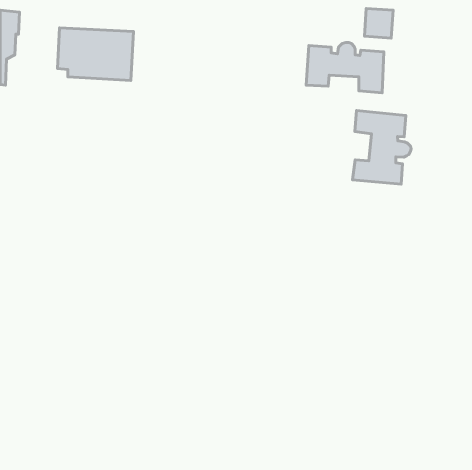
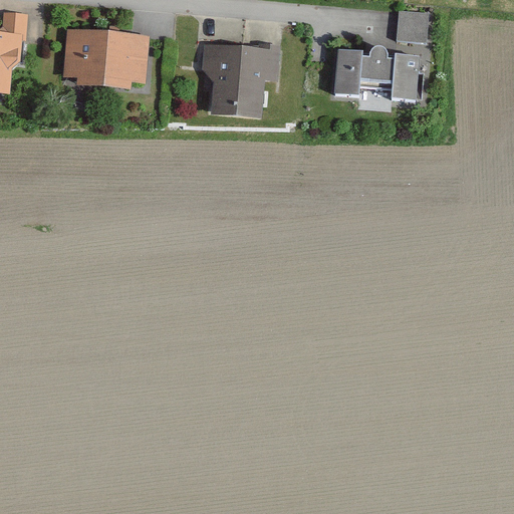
building: none -> [201,42,277,117]
building: [353,110,411,184] -> none

